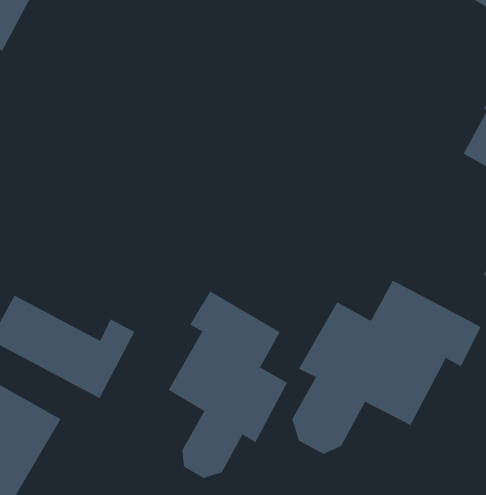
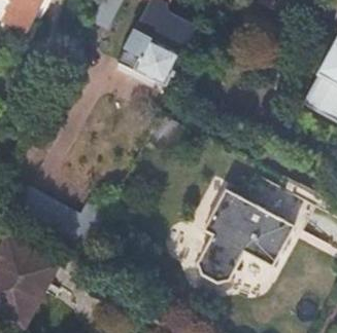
building: none -> [117,15,189,82]
building: [168,291,288,479] -> none

